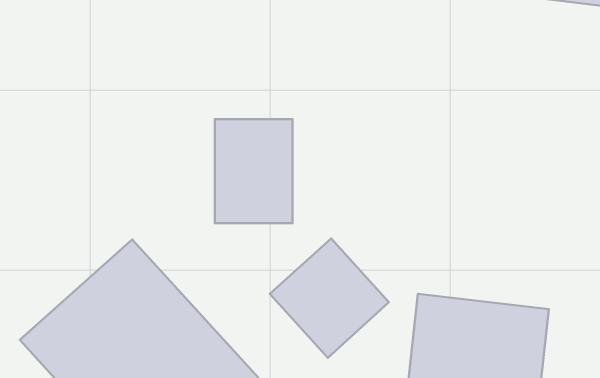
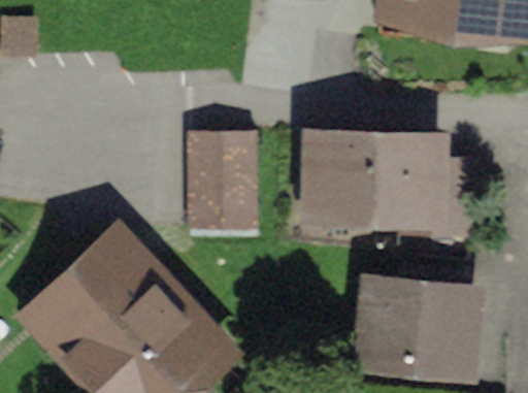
building: none -> [308,123,449,216]
building: [270,239,389,358] -> none

